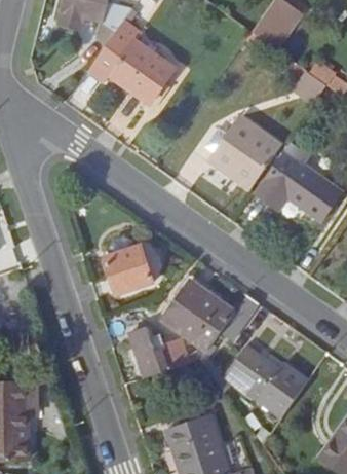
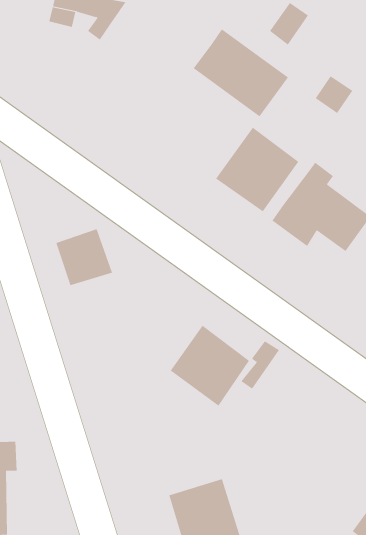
building: [92,24,175,100] -> [193,28,289,117]
building: [104,247,153,296] -> [55,228,113,286]
building: [131,328,192,377] -> none
building: [226,345,310,417] -> none

